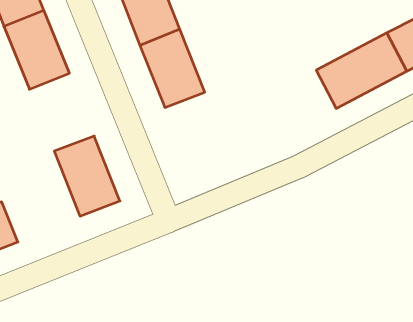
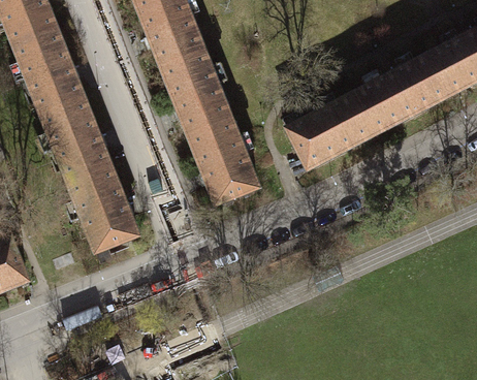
building: none -> [285,93,373,168]
building: none -> [40,96,110,181]
building: none -> [187,117,258,203]

